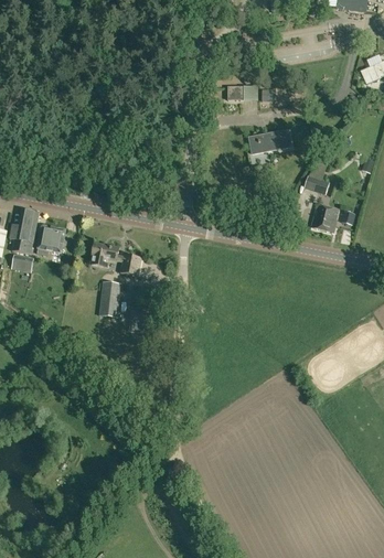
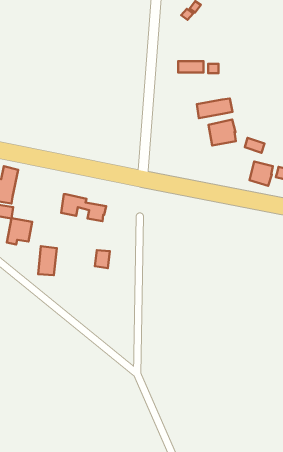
building: none -> [209,120,236,146]
building: [36,225,66,256] -> [7,218,32,244]
building: [99,281,121,315] -> [38,246,57,275]

